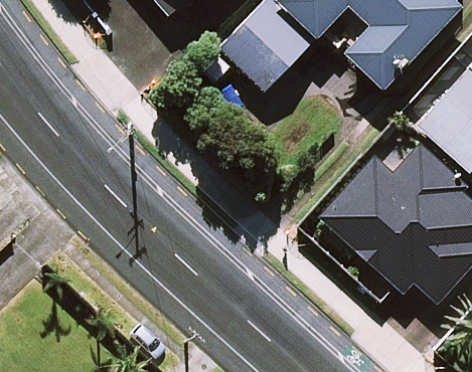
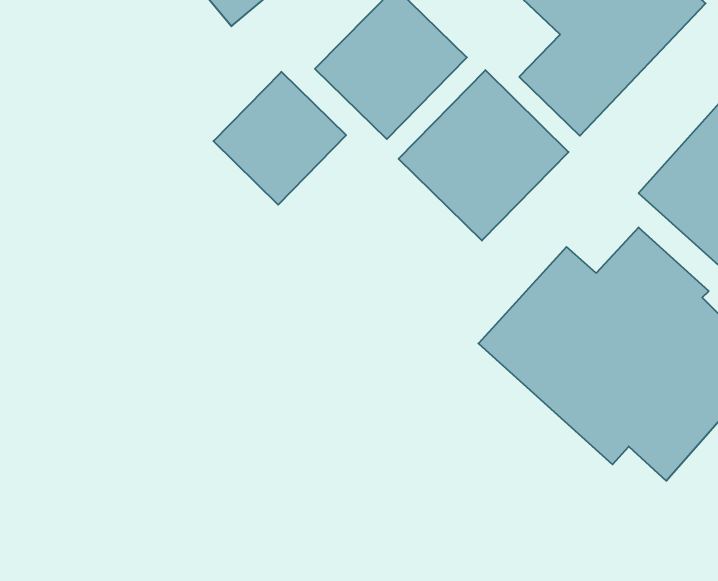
building: none -> [399,70,569,241]
building: none -> [213,72,346,205]

